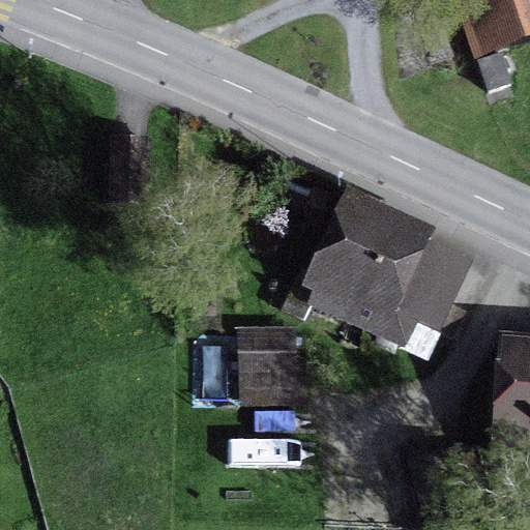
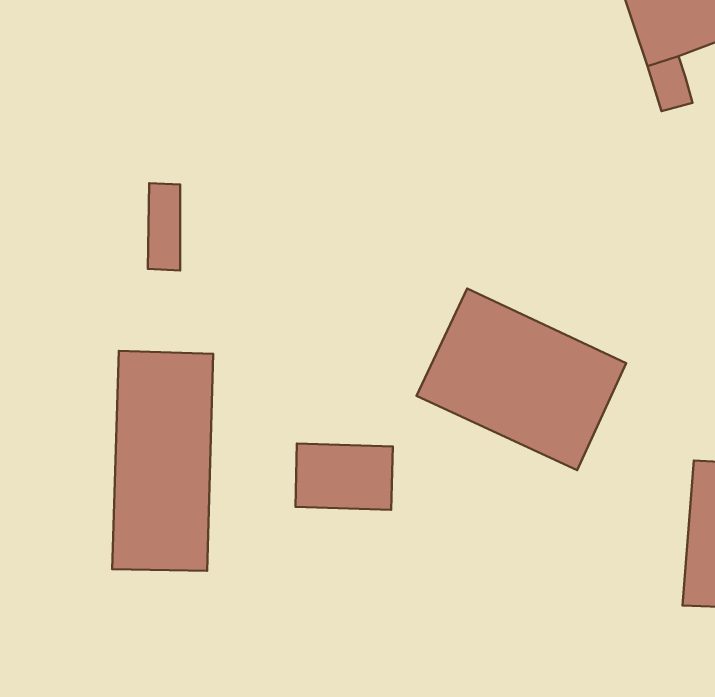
building: none -> [112,351,213,571]

